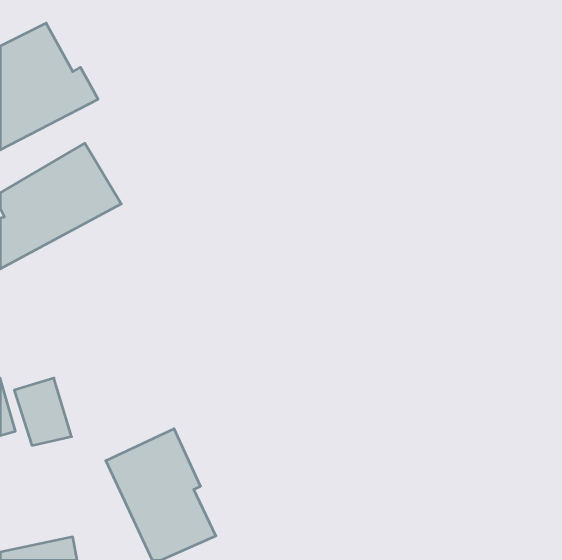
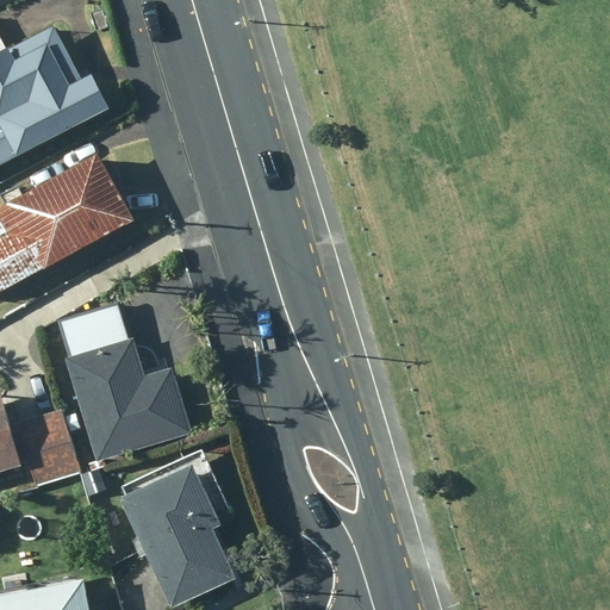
building: none -> [60,301,193,462]

